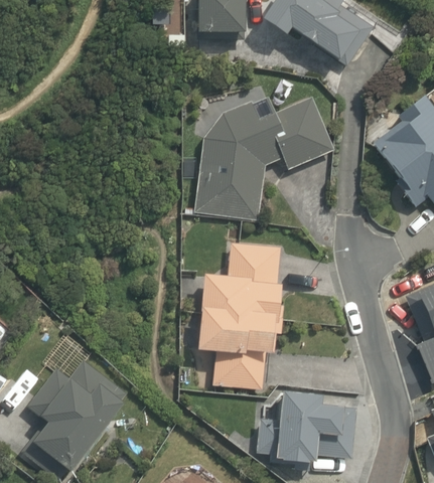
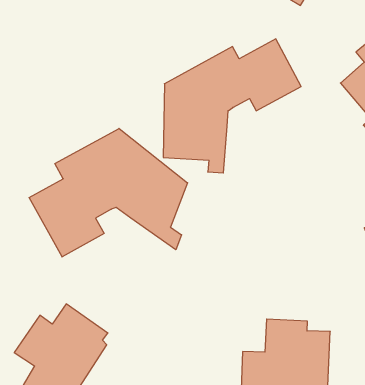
building: none -> [29,128,188,257]
building: [200,238,285,386] -> none

